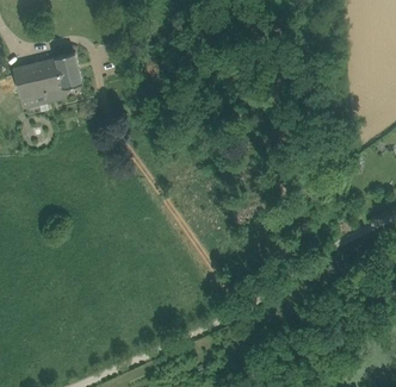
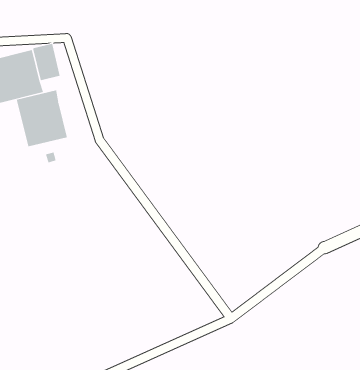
building: none -> [16,89,67,147]

